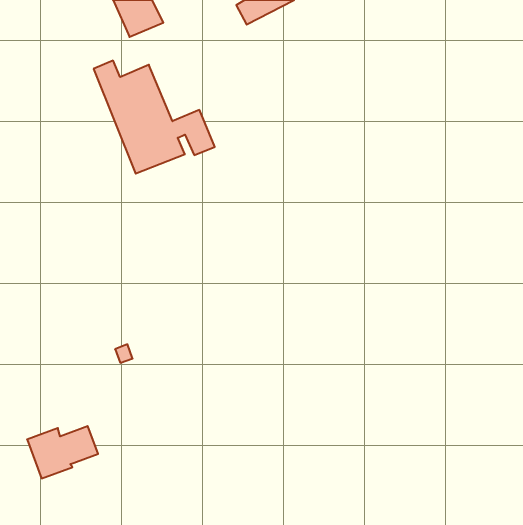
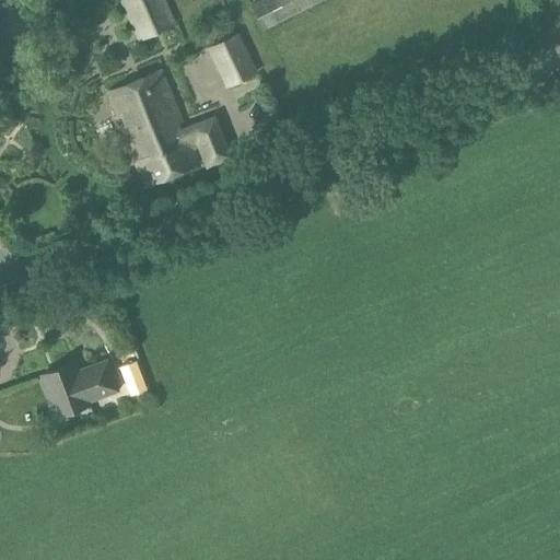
building: none -> [210,33,257,85]
building: [27,426,98,478] -> [43,361,118,417]

